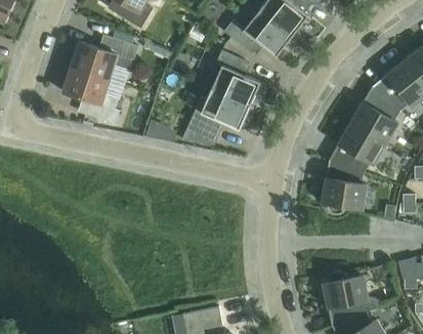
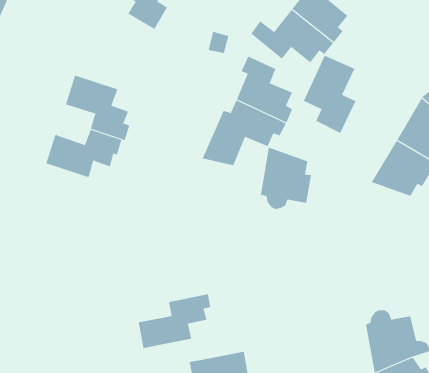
building: [72,37,138,79] -> [45,129,122,178]
building: none -> [303,55,356,134]
building: [322,160,367,214] -> [260,147,312,209]
building: none -> [138,294,211,349]

